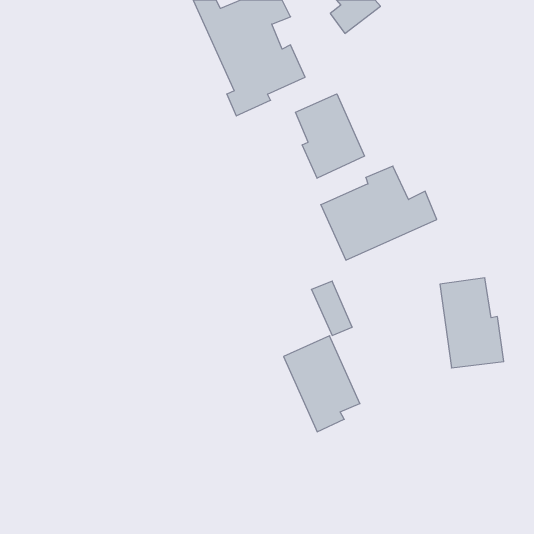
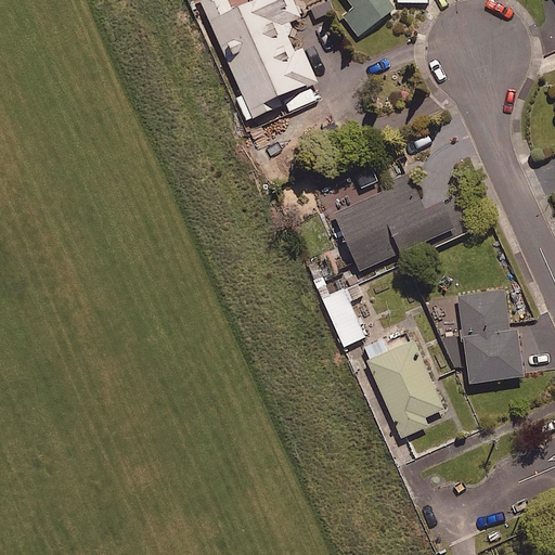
building: [295,94,365,178] -> none
building: [284,336,360,432] -> [365,338,444,438]

